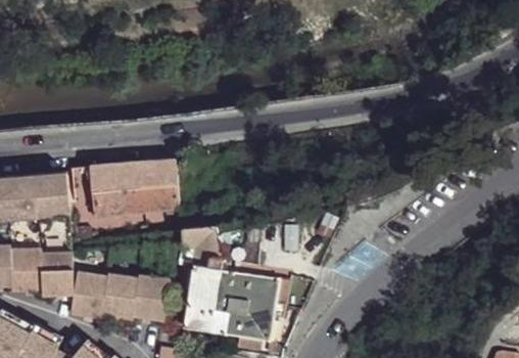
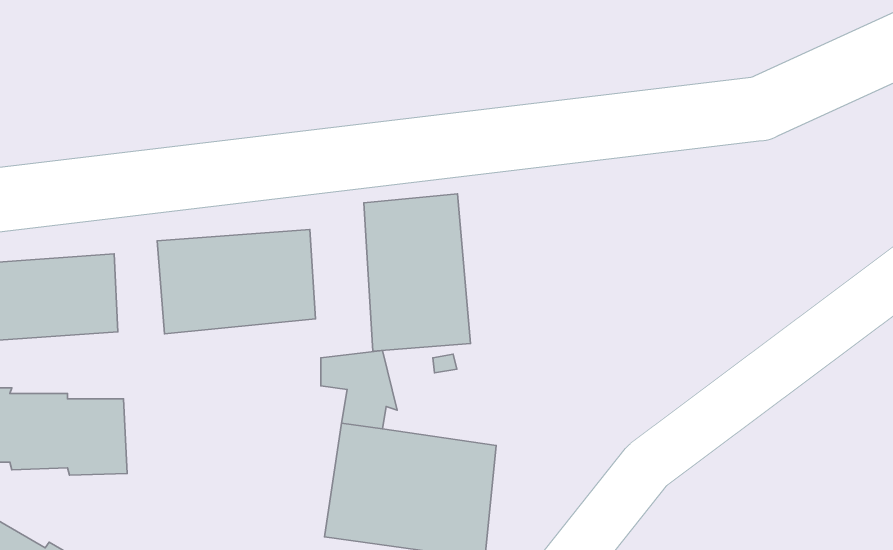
building: none -> [364,194,471,351]
building: [68,270,169,320] -> none

